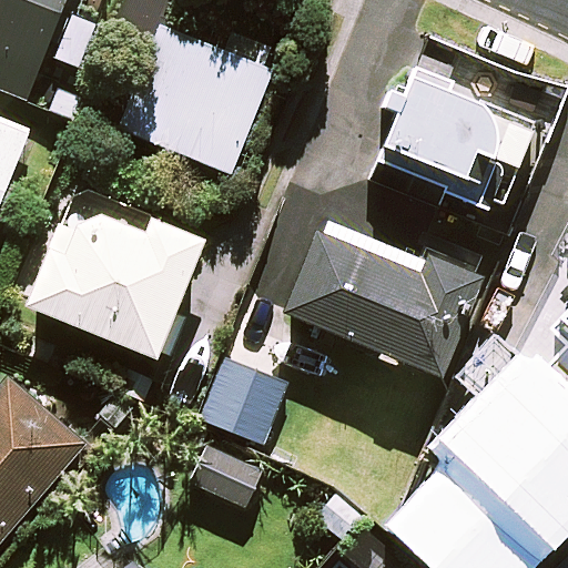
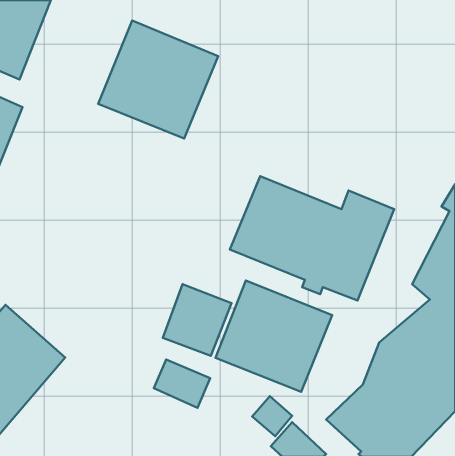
building: [371,73,544,241] -> none
building: [29,189,204,359] -> none
building: none -> [215,281,332,392]

